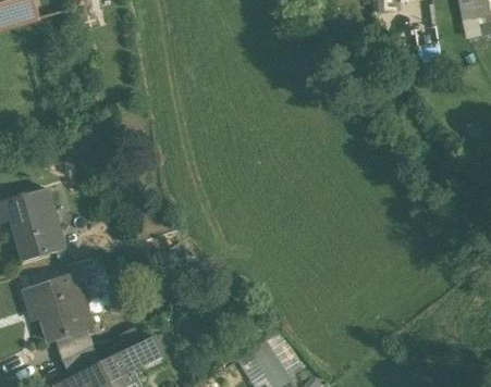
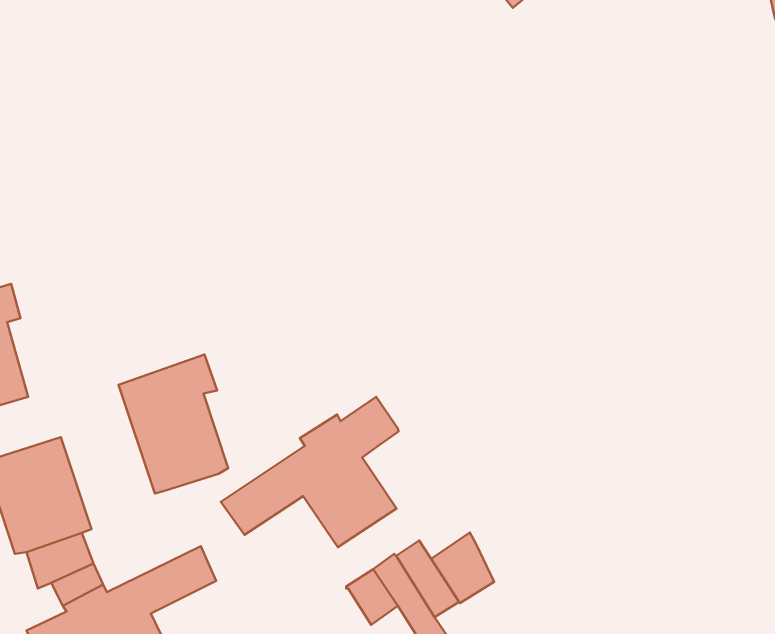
building: none -> [119,355,228,493]
building: none -> [221,397,399,547]
building: none -> [431,533,494,603]

